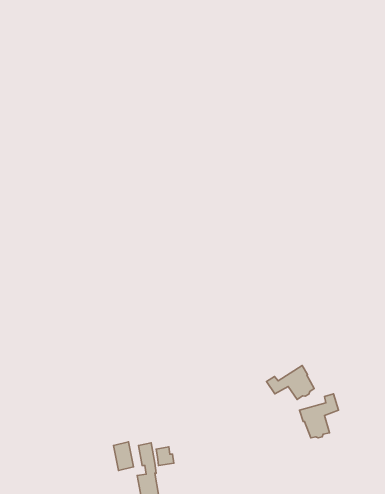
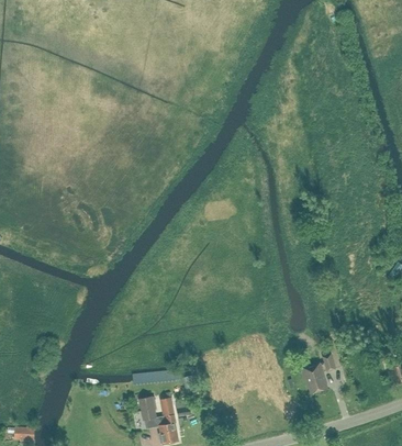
building: [266,366,314,400] -> none

